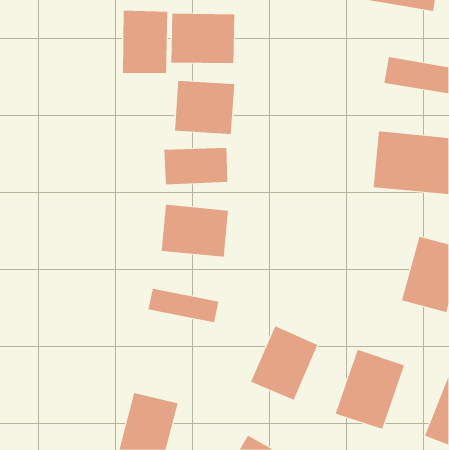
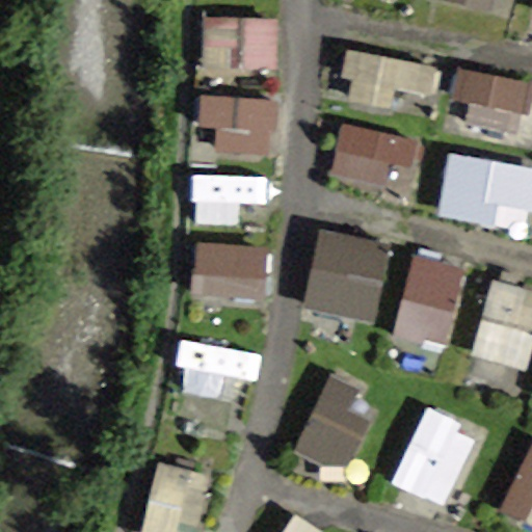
building: [122,10,168,74] -> none
building: none -> [347,55,433,108]
building: none -> [329,123,419,196]
building: none -> [303,228,393,322]
building: none -> [394,264,467,350]

